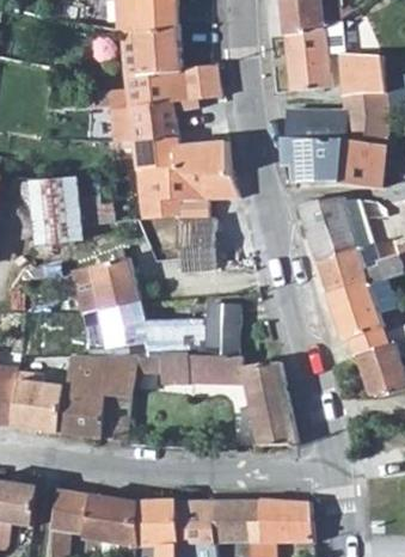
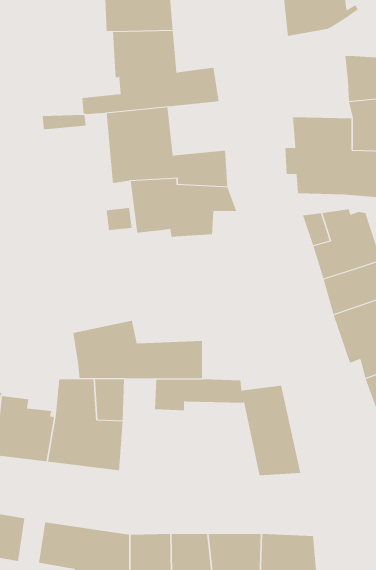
building: [283,18,342,91] -> none
building: [30,171,87,264] -> none
building: [174,220,214,271] -> none
building: [68,249,139,313] -> none
building: [204,300,241,356] -> none

